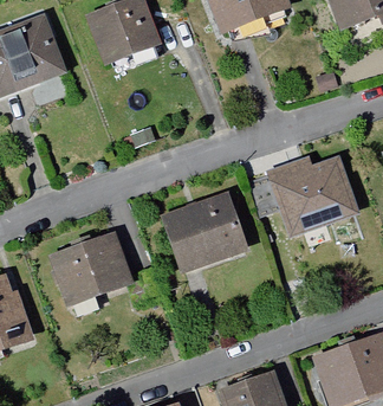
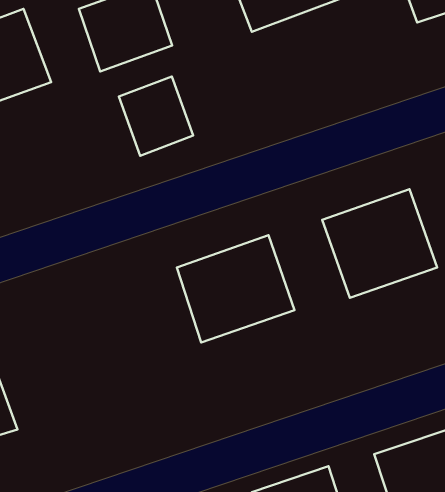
building: none -> [119,76,193,156]
building: [46,232,131,307] -> none

